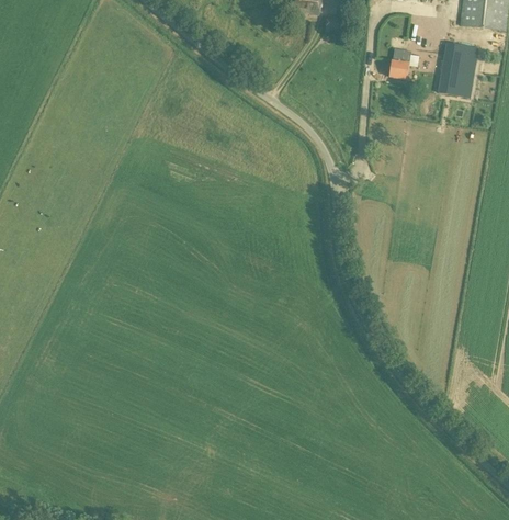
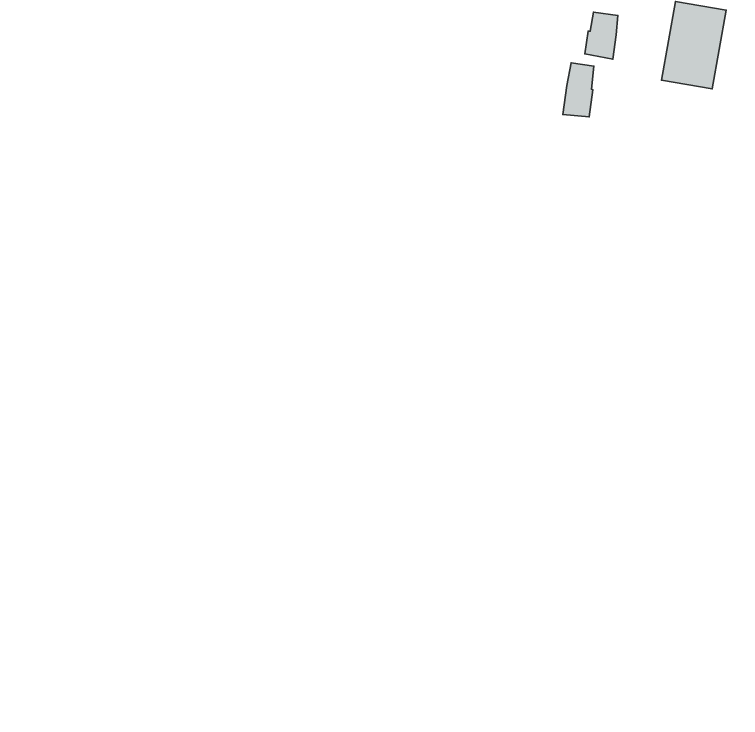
building: none -> [563,63,594,117]

